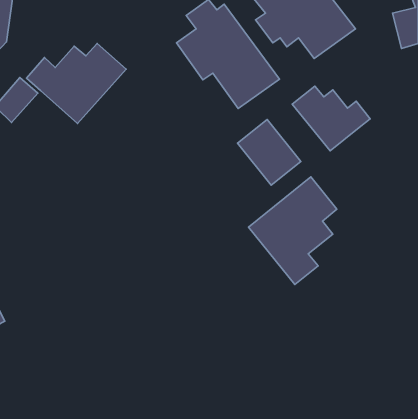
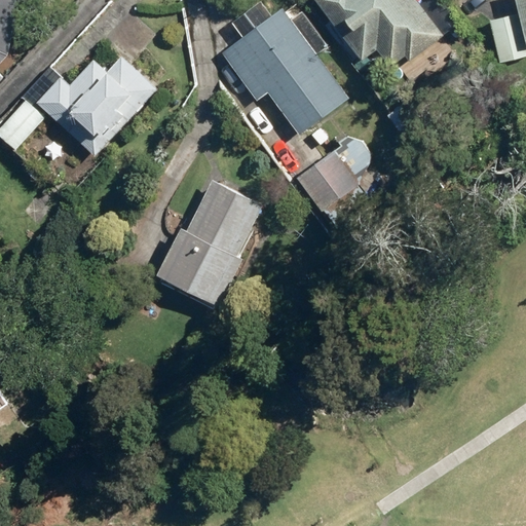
building: [292,86,370,151] -> none
building: none -> [154,180,262,309]
building: [249,177,337,285] -> none

